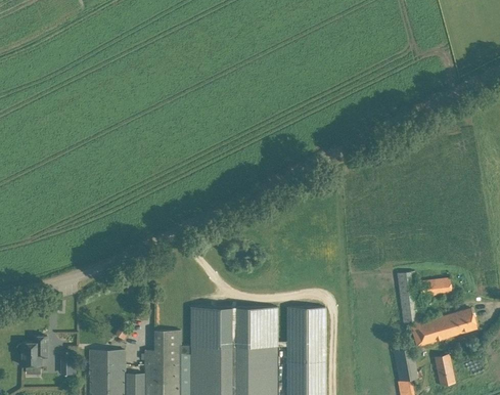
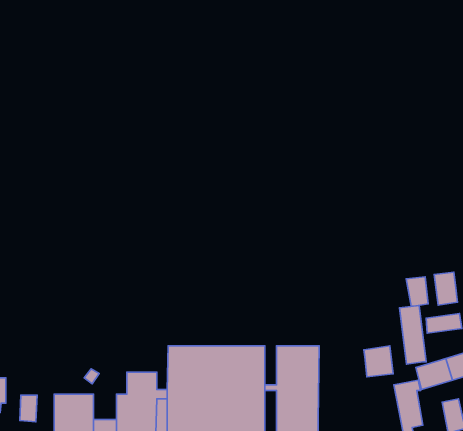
building: none -> [434,272,458,305]
building: none -> [406,277,428,306]
building: none -> [364,346,393,377]

